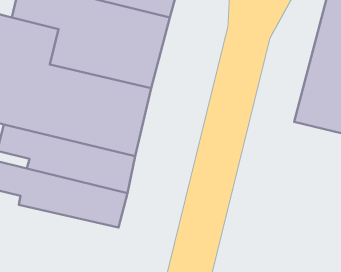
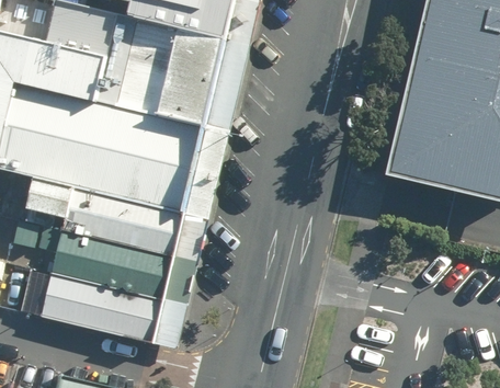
building: none -> [39,276,173,344]

